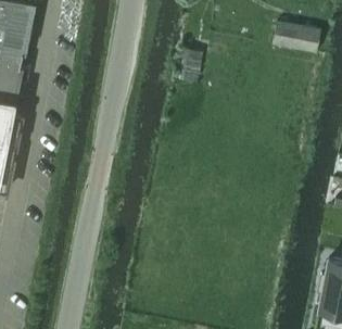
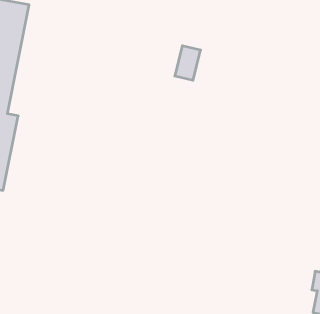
building: [273,23,320,54] -> none

